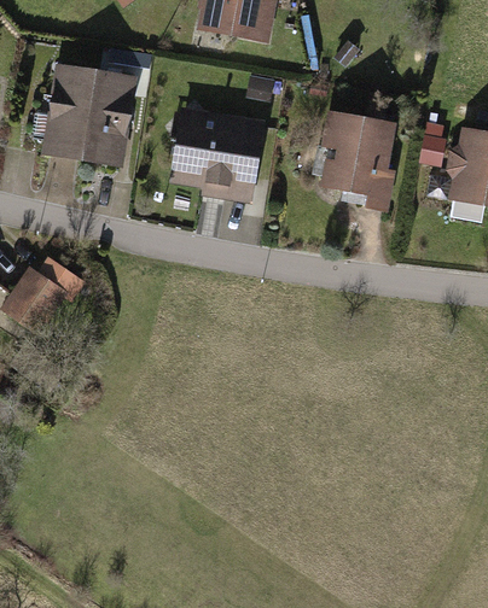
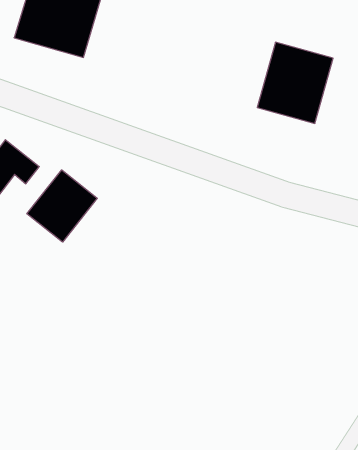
building: [173,110,262,195] -> none
building: none -> [27,170,97,242]

